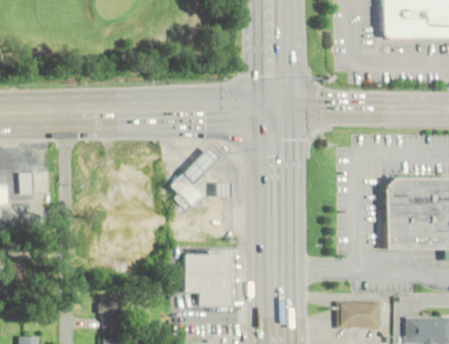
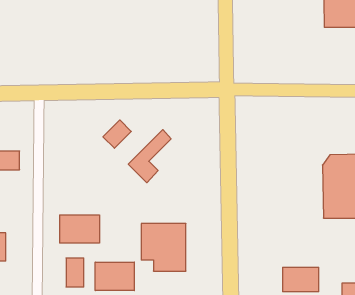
building: none -> [103,120,131,148]
building: none -> [60,215,99,243]
building: none -> [95,262,134,291]

